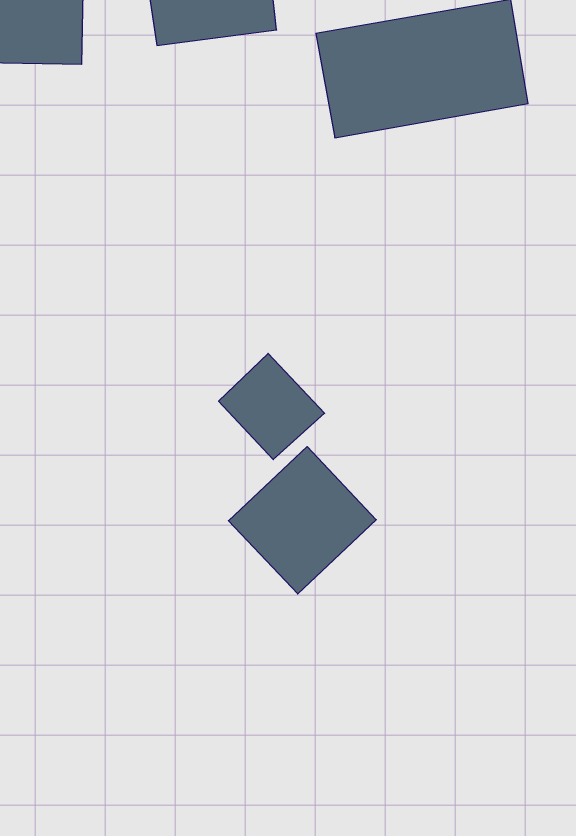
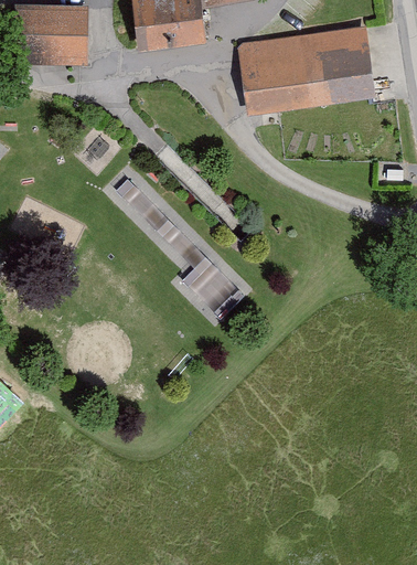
building: [228,447,376,594] -> none

